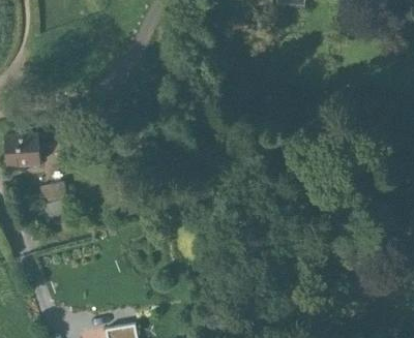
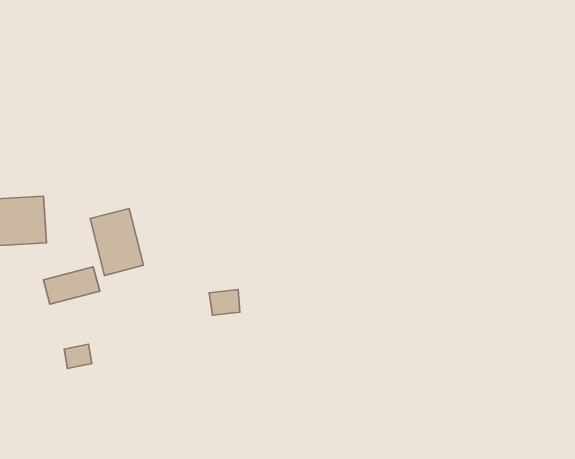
building: none -> [90,208,144,275]

